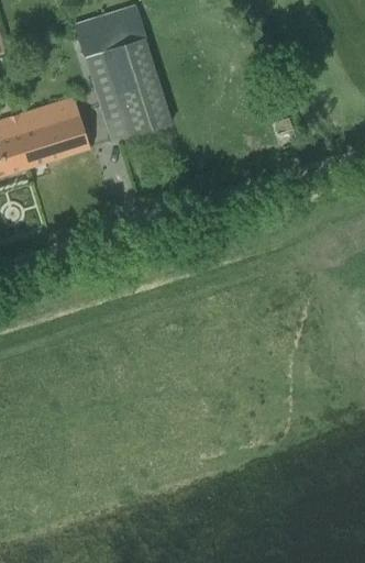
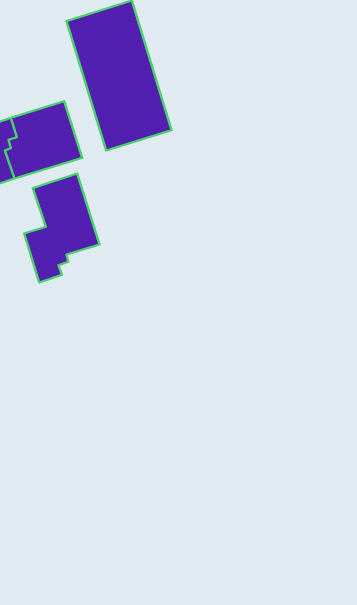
building: none -> [24,174,100,282]

